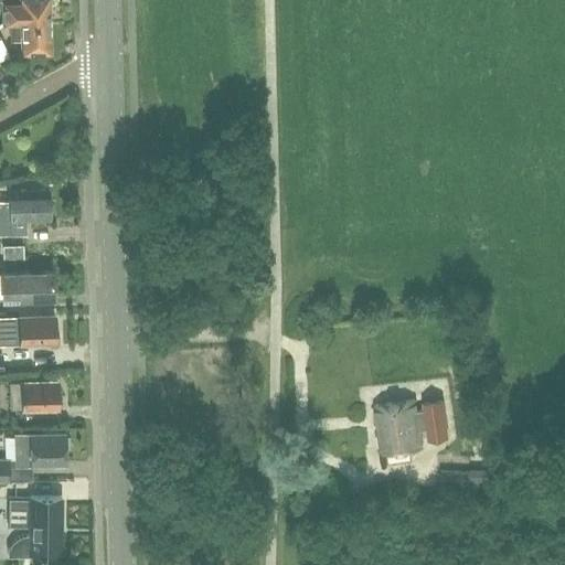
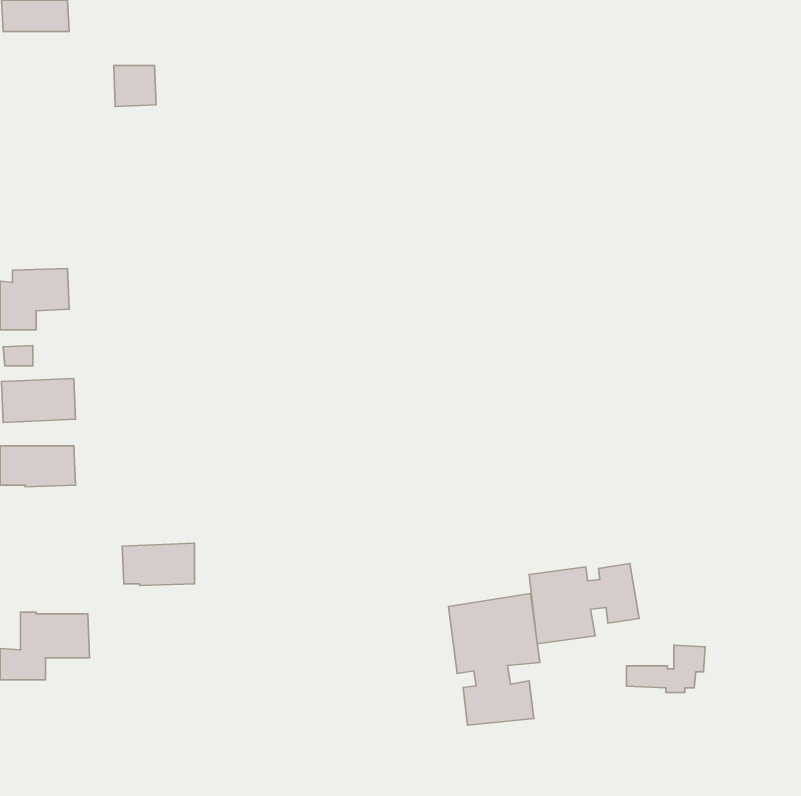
building: [21,26,51,55] -> [114,66,156,106]
building: [10,382,61,412] -> [122,543,195,585]
building: none -> [448,594,540,725]
building: [9,499,58,558] -> none

